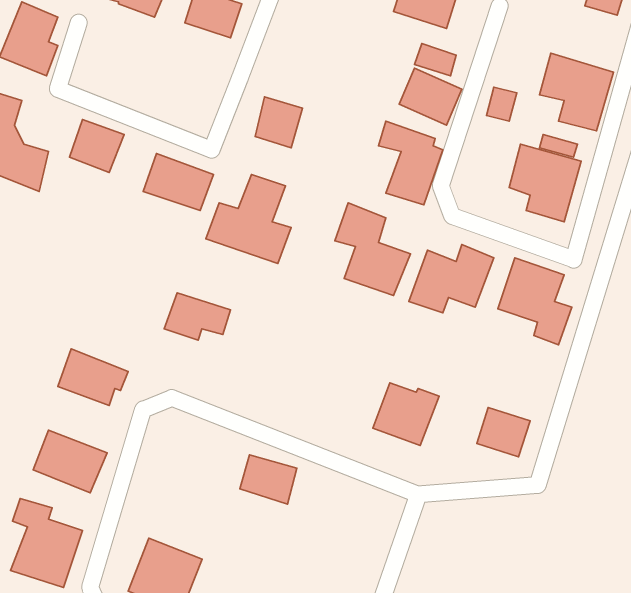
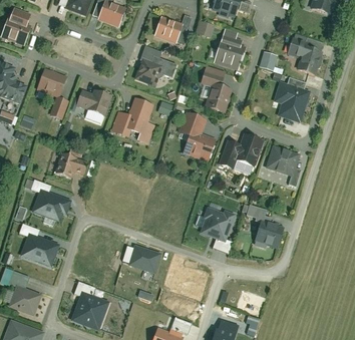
building: none -> [154,13,185,42]
building: [164,293,230,340] -> [52,152,87,178]

